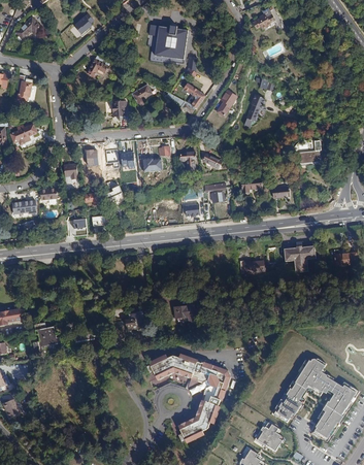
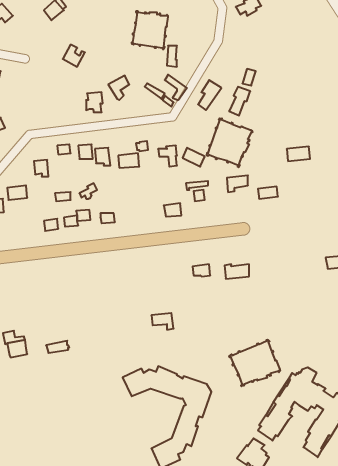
building: none -> [207,118,252,167]
building: [284,244,317,271] -> none
building: none -> [229,340,280,386]

